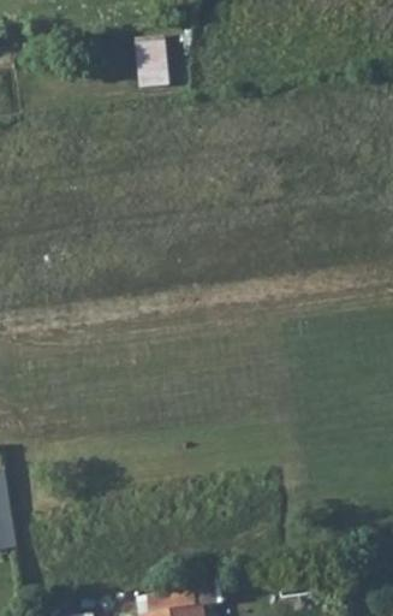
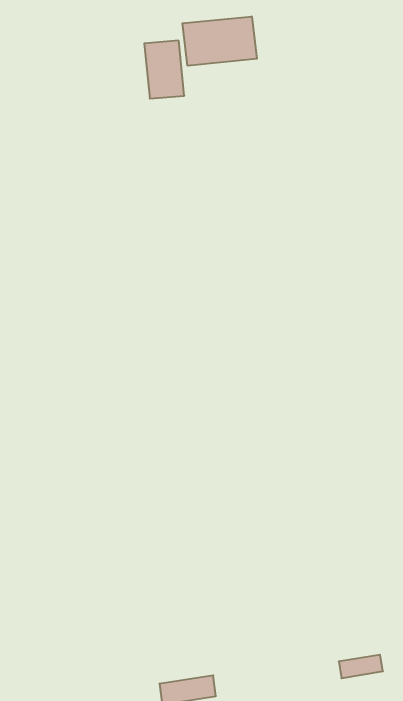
building: none -> [182,16,257,66]

